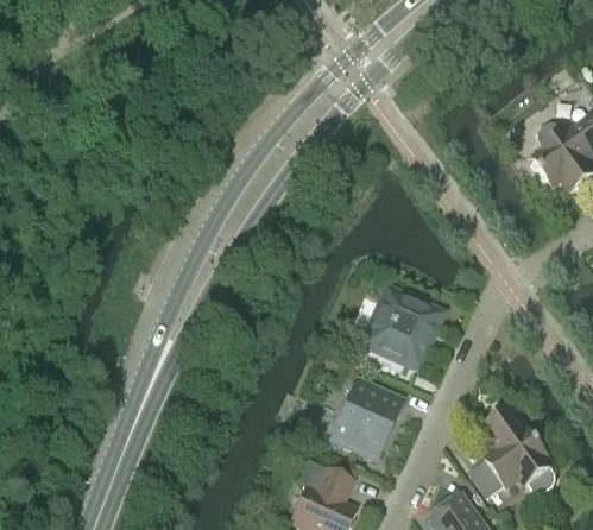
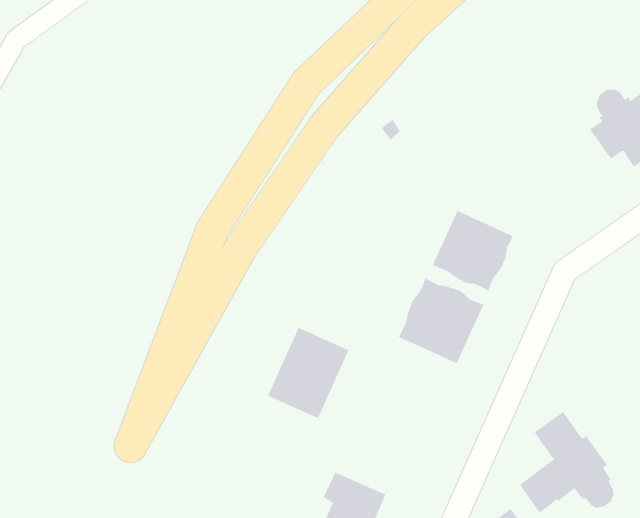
building: none -> [432,210,514,291]
building: [330,378,403,459] -> [267,327,349,419]

